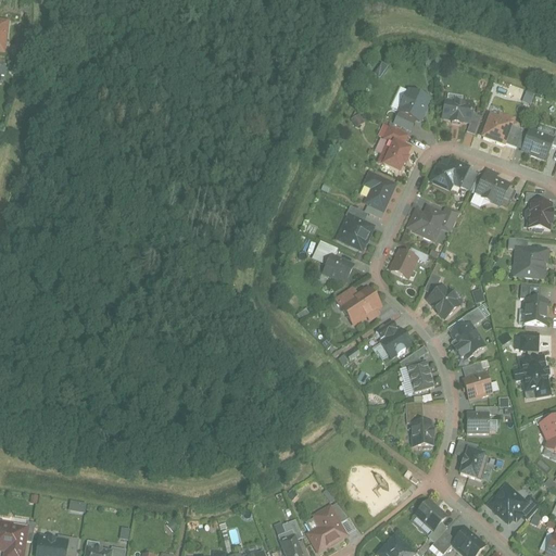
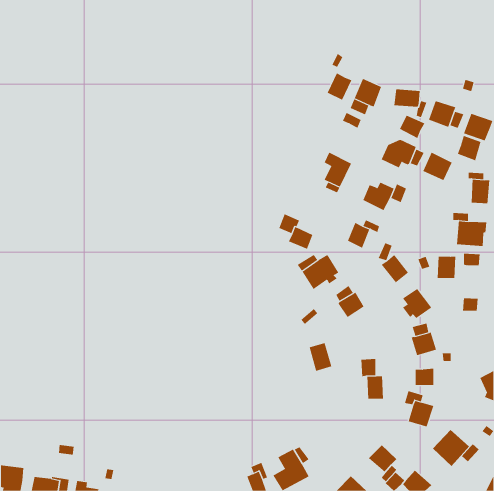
building: none -> [399,115,425,139]
building: [381,139,409,170] -> [327,73,352,101]
building: none -> [457,135,481,161]
building: [337,215,372,250] -> none
building: [523,299,545,324] -> [437,256,456,279]
building: [514,355,548,395] -> none
building: [406,361,432,393] -> [309,342,332,371]

